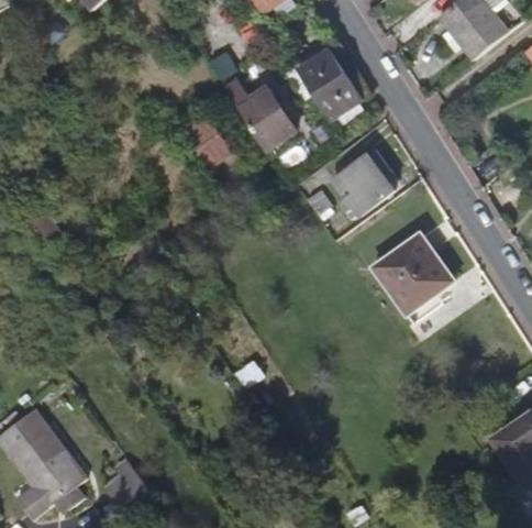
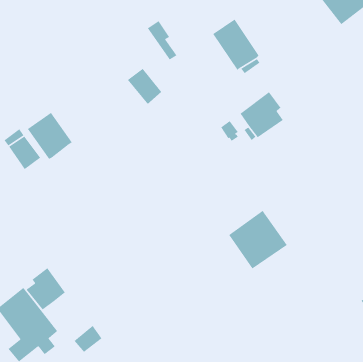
building: [237,80,299,148] -> none
building: none -> [27,112,73,160]
building: [373,230,454,311] -> [228,210,288,269]
building: none -> [26,267,66,311]

